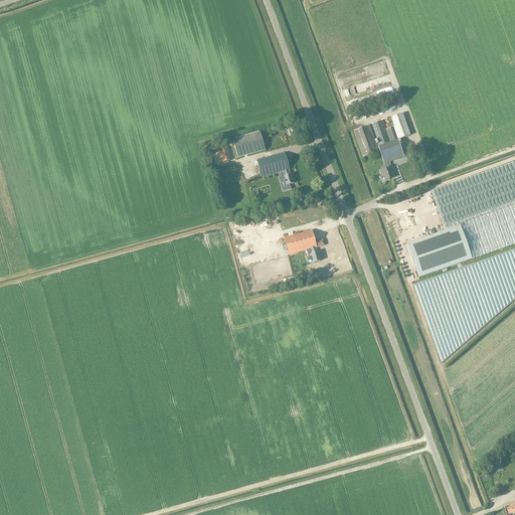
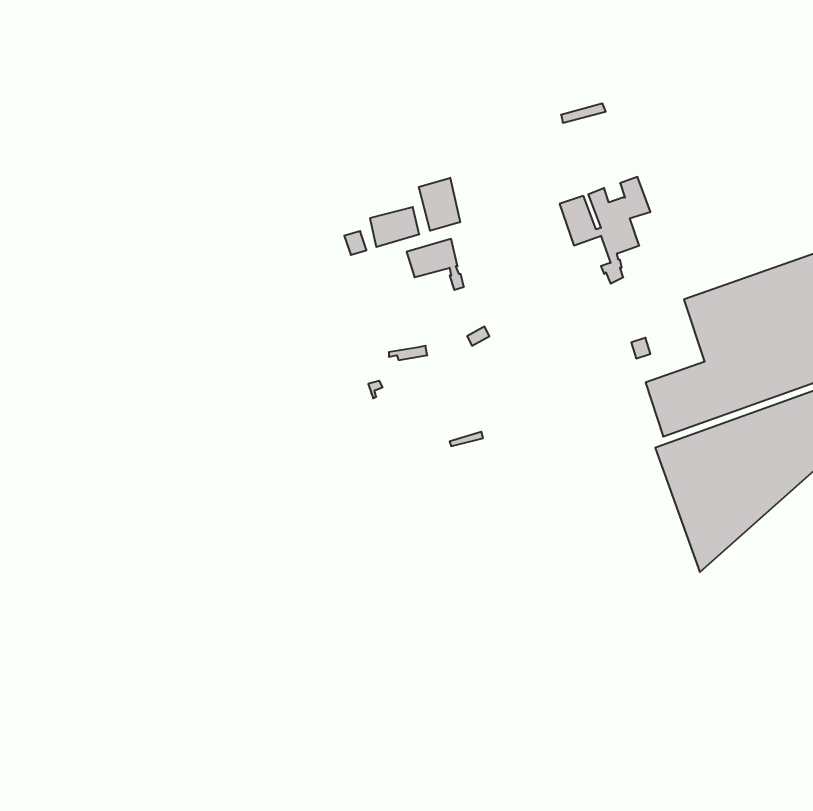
building: none -> [419,178,460,231]
building: [285,228,321,261] -> none

